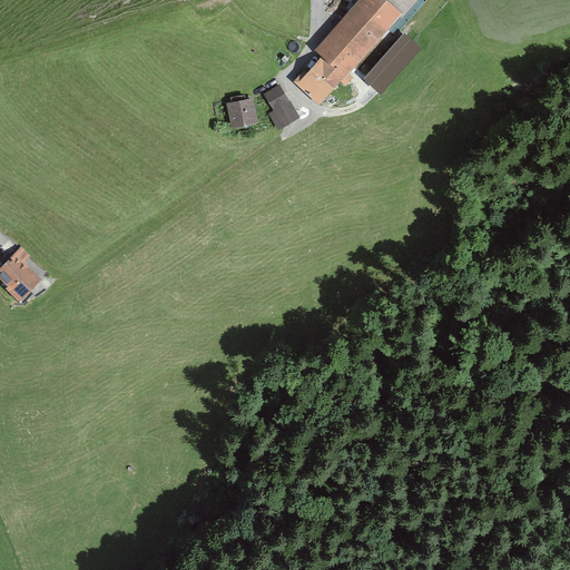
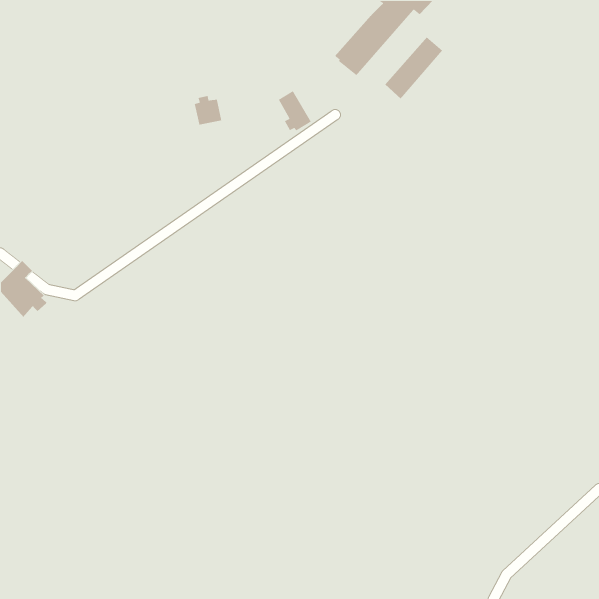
building: [293,58,340,101] -> none
building: [227,96,254,125] -> [194,95,222,126]

